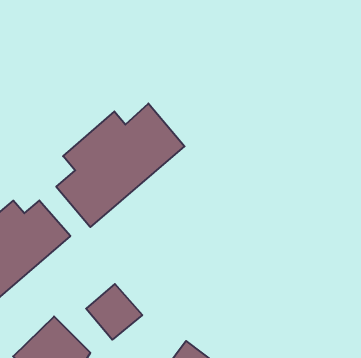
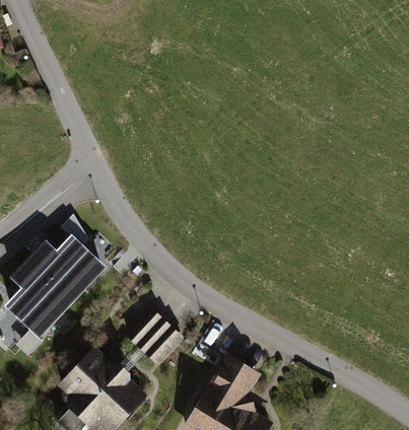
building: [56,103,185,227] -> none

